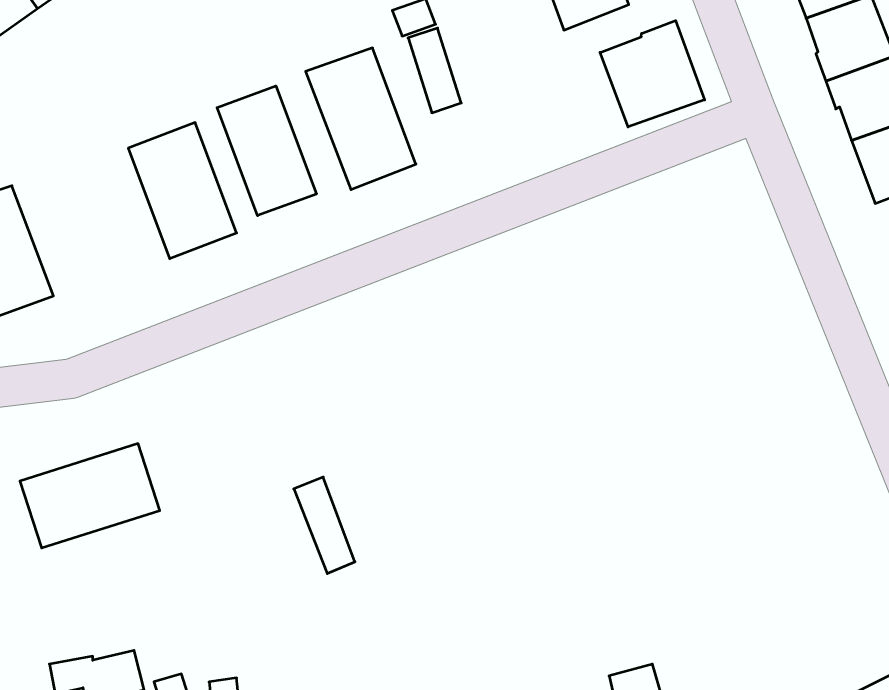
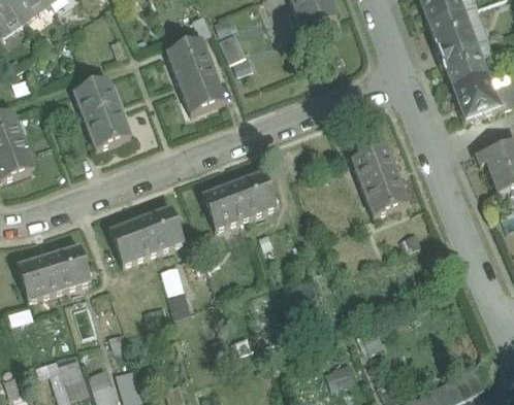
building: [600,21,705,127] -> none
building: [217,86,316,216] -> none
building: none -> [352,143,410,217]
building: none -> [202,170,277,228]
building: none -> [109,205,185,263]

